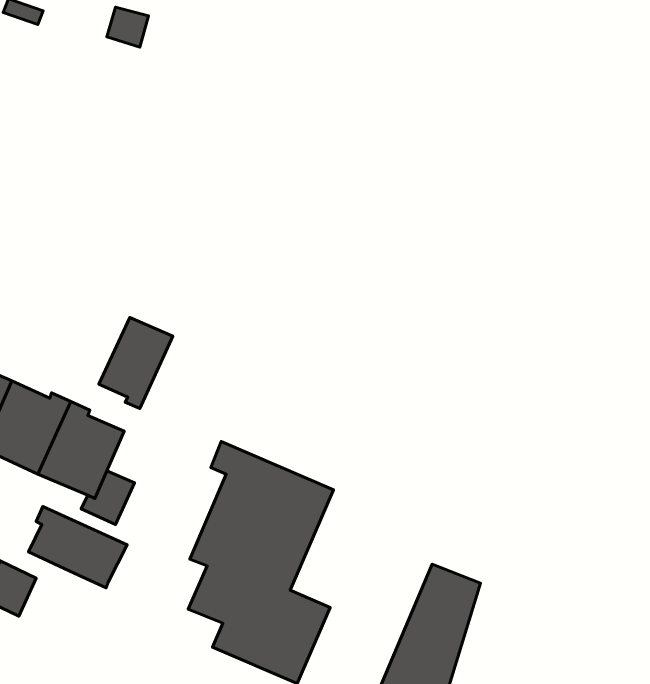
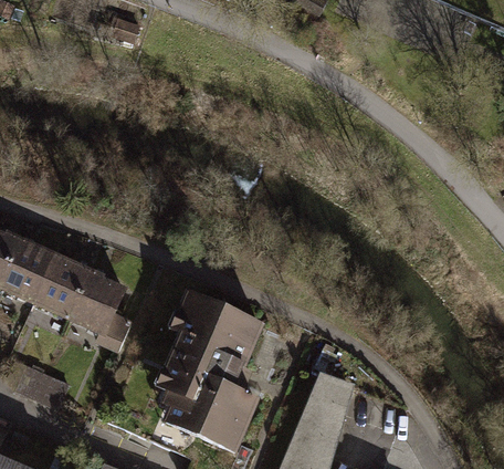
building: [99,318,173,409] -> none
building: [28,507,127,588] -> none

